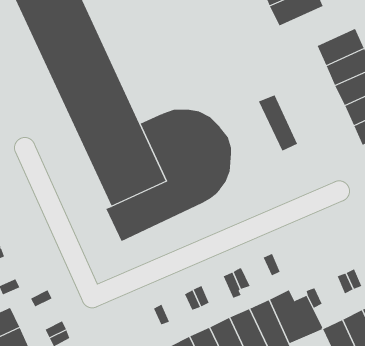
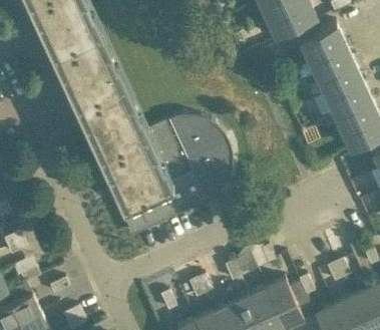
building: none -> [300,22,343,57]
building: [258,95,298,151] -> none

